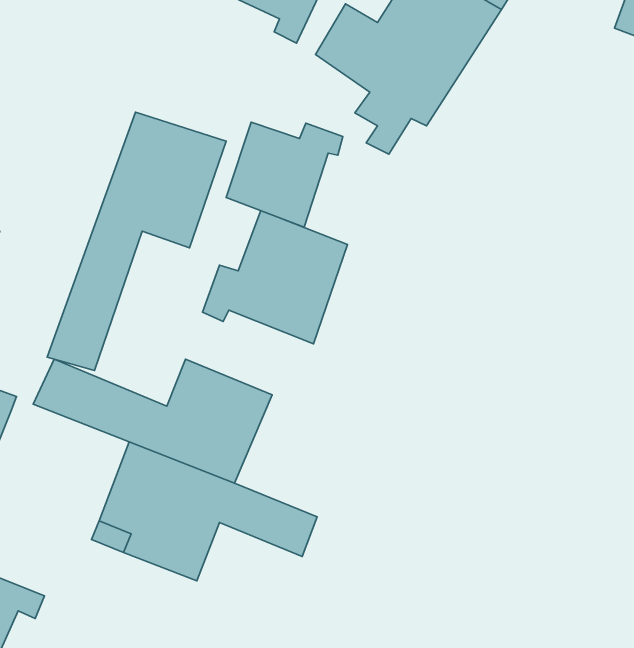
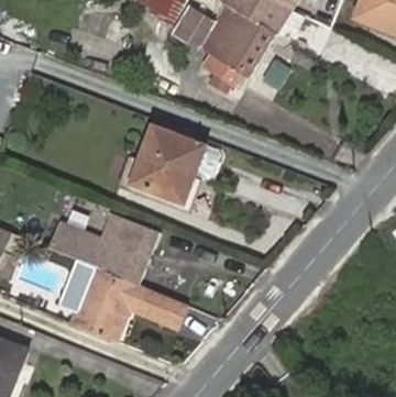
building: [47,112,226,371] -> none
building: [226,122,343,227] -> none

